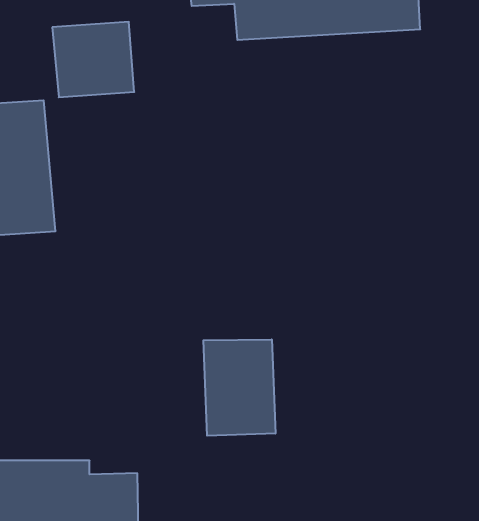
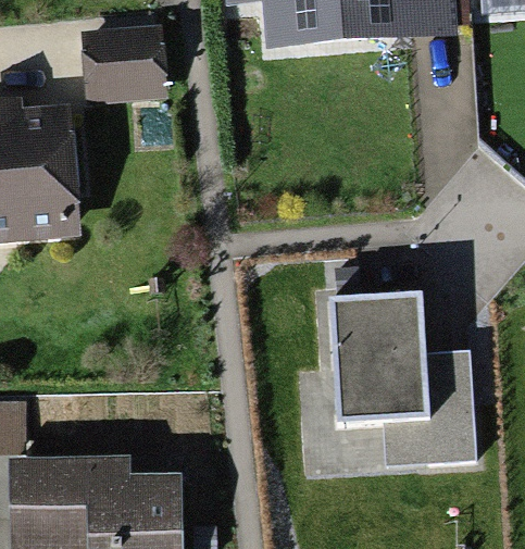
building: none -> [335,297,475,467]
building: [203,339,275,436] -> none

